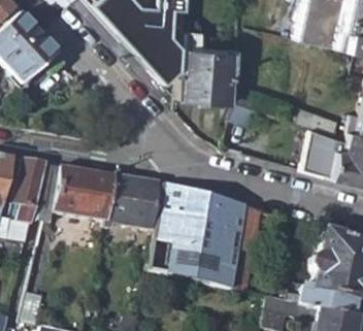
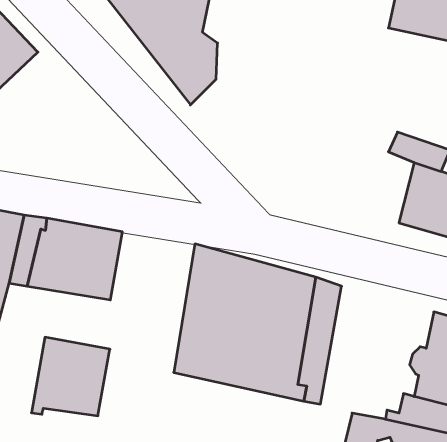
building: [182,30,234,99] -> none
building: [106,173,160,227] -> [31,337,110,416]

